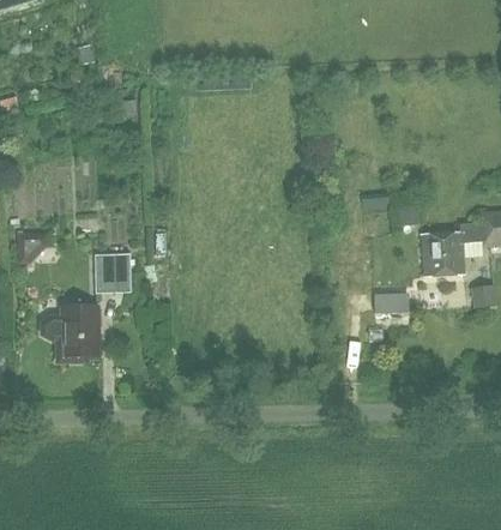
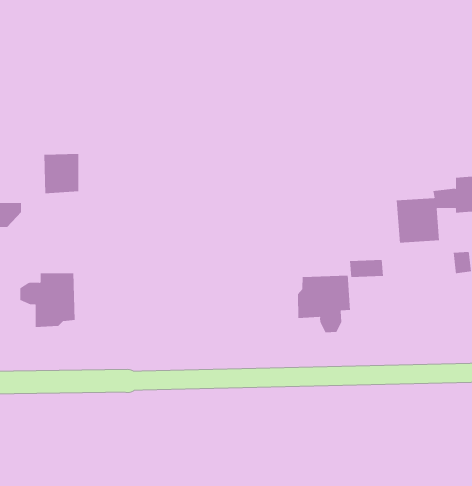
building: [95,252,131,293] -> [43,153,79,194]
building: none -> [297,275,350,333]

